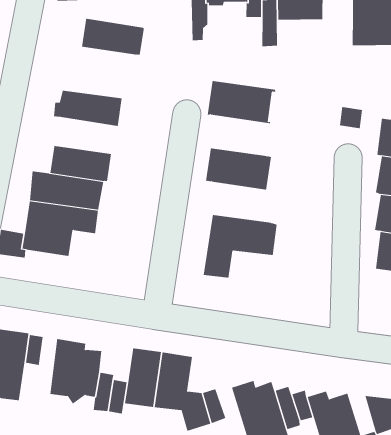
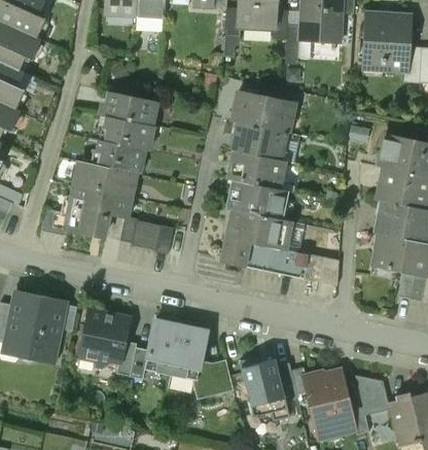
building: [81,18,145,55] -> [99,115,155,150]
building: none -> [229,122,288,161]
building: none -> [226,180,288,219]
building: none -> [104,215,173,255]
building: none -> [243,242,338,285]

